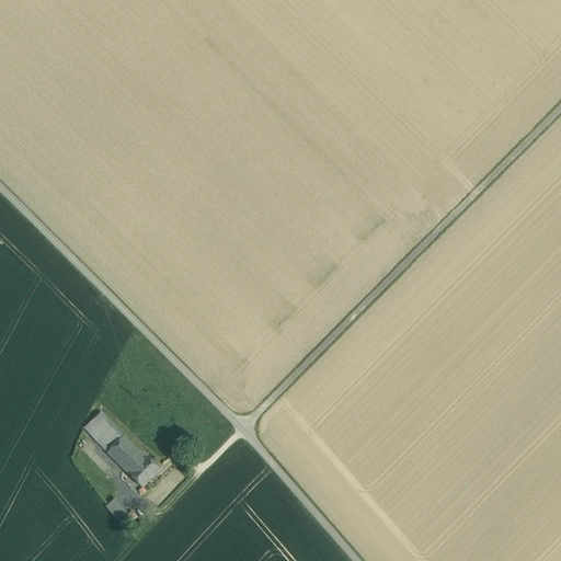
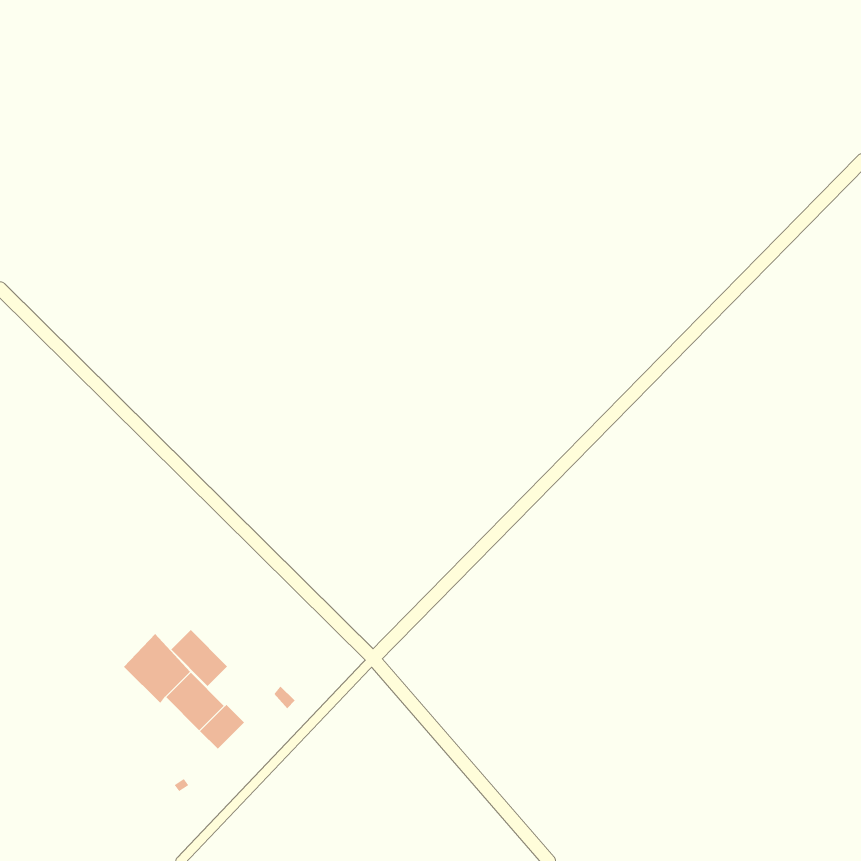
building: none -> [170,629,228,687]

